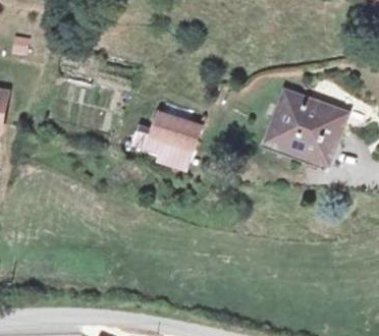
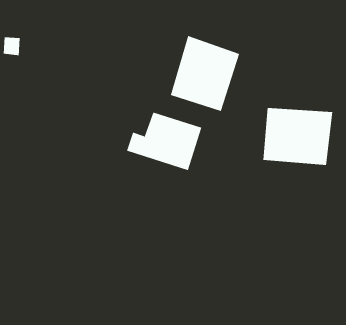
building: none -> [170,35,240,112]

